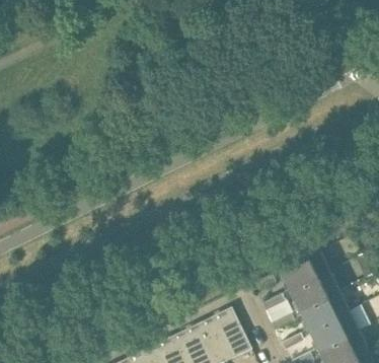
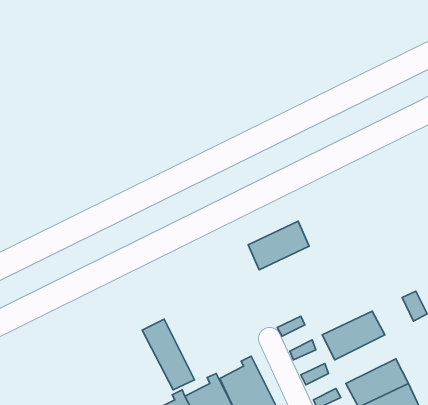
building: [280,251,329,291] -> [248,221,309,270]
building: none -> [142,319,195,390]
building: [299,291,349,331] -> none

